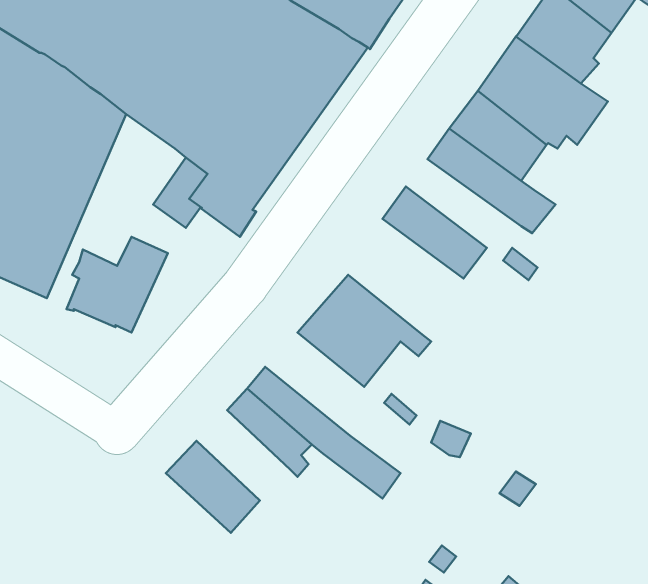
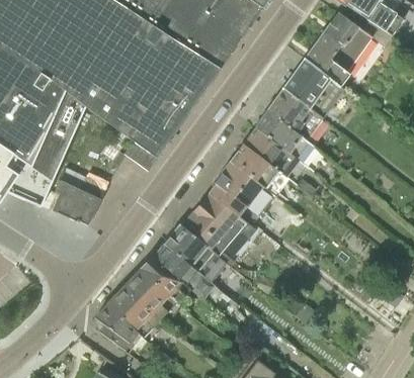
building: none -> [242,126,307,182]
building: none -> [210,161,274,225]
building: none -> [163,223,224,282]
building: none -> [125,268,177,318]
building: none -> [94,303,148,352]

